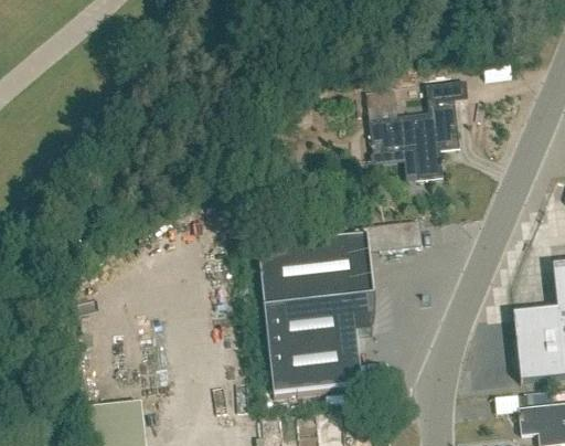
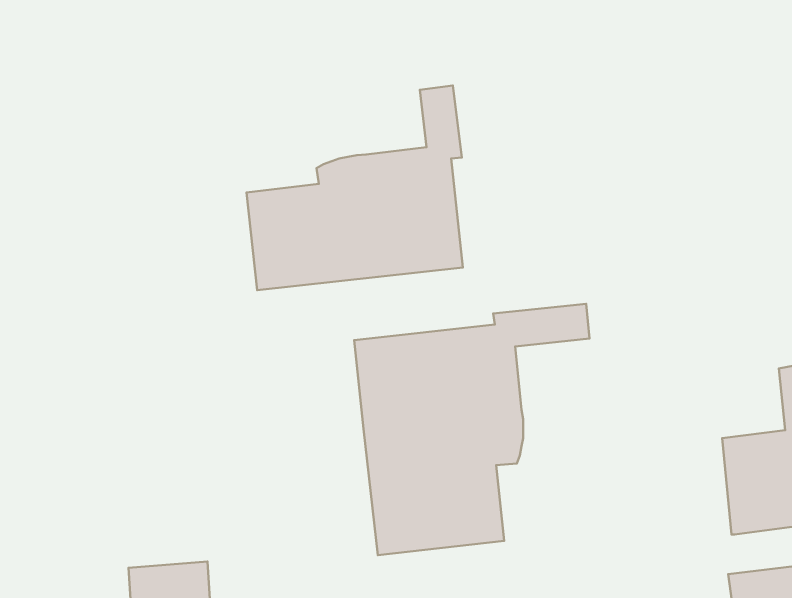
building: none -> [246,86,463,290]
building: [365,81,467,178] -> none

